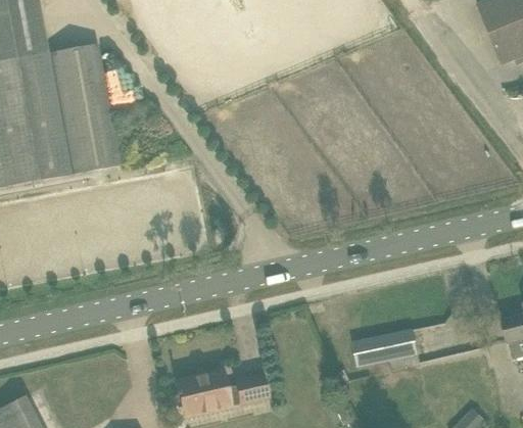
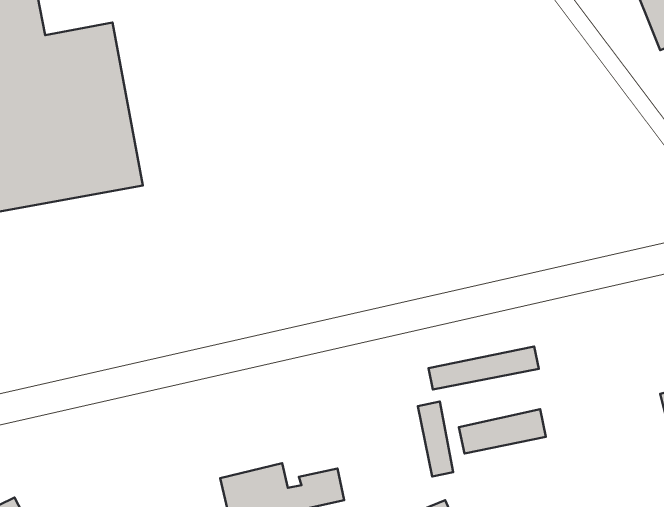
building: none -> [429,347,539,389]
building: none -> [418,401,453,476]

